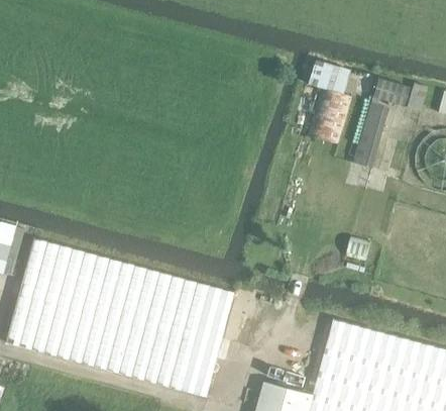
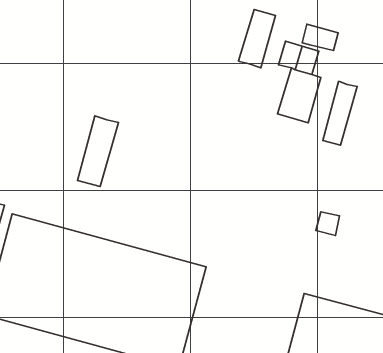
building: none -> [238,9,276,68]
building: [372,79,410,106] -> [302,24,338,51]
building: none -> [78,116,118,187]

